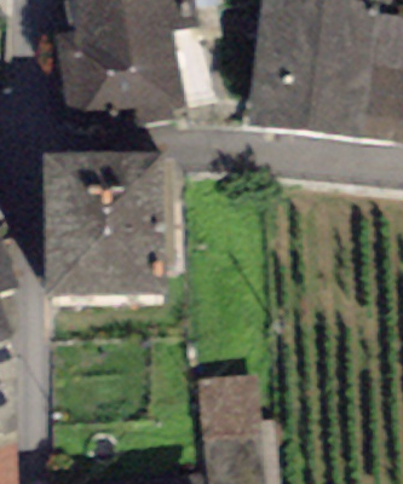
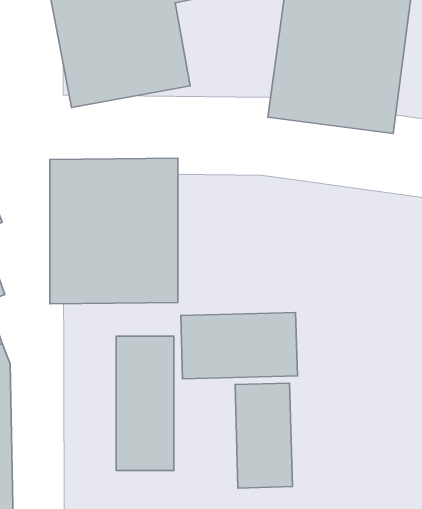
building: none -> [181,312,297,379]
building: none -> [116,336,174,470]

